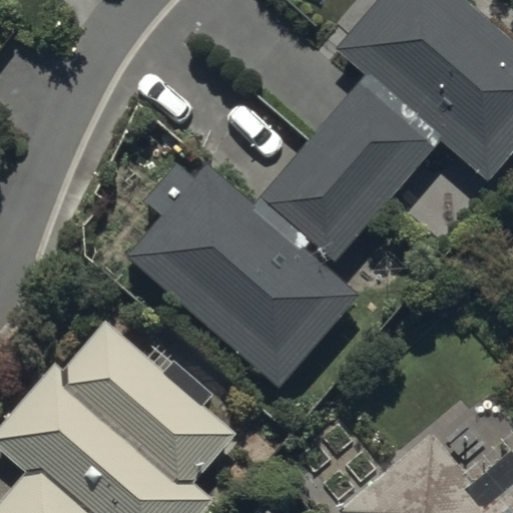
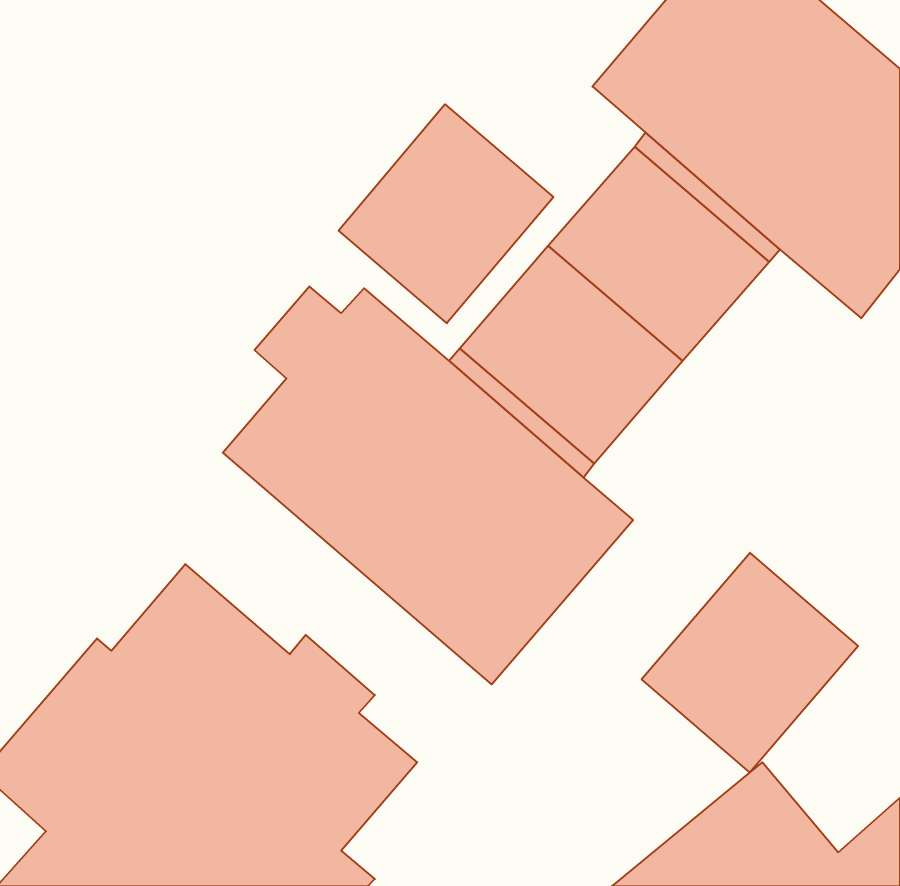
building: none -> [339,104,553,323]
building: none -> [642,553,858,772]

